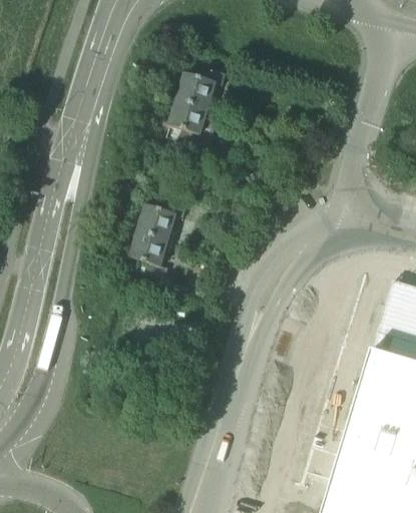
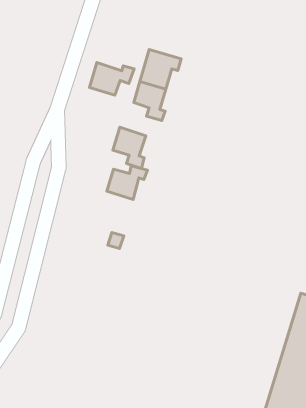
building: none -> [90,62,134,95]
building: [130,231,169,281] -> [113,127,146,169]

